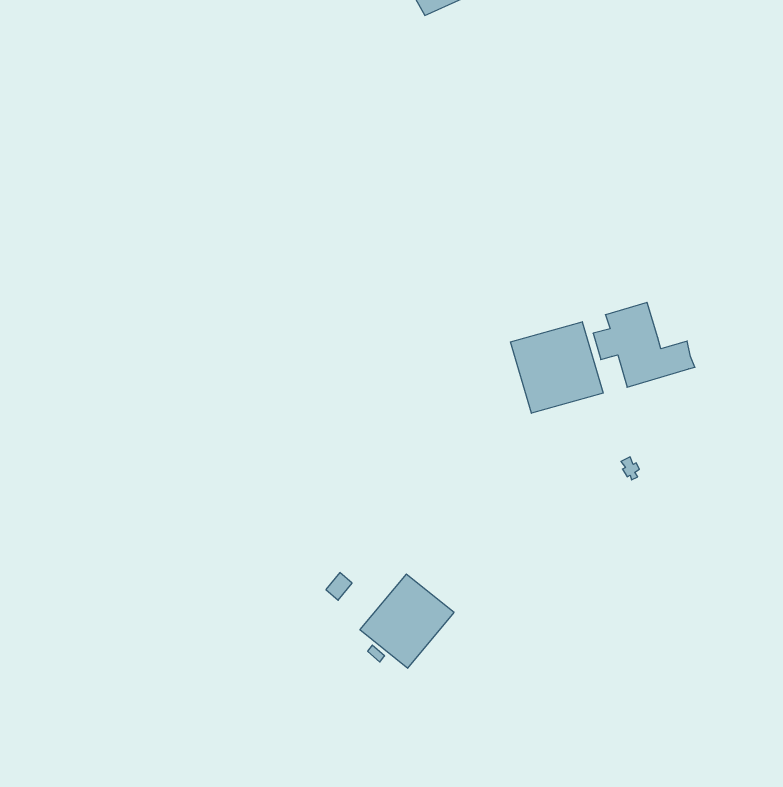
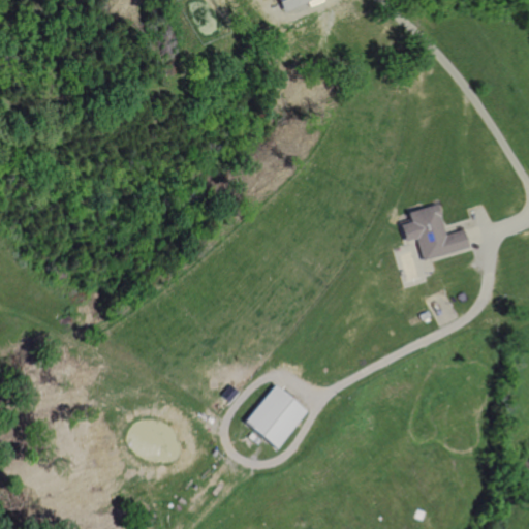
building: [510,322,603,413] -> none

